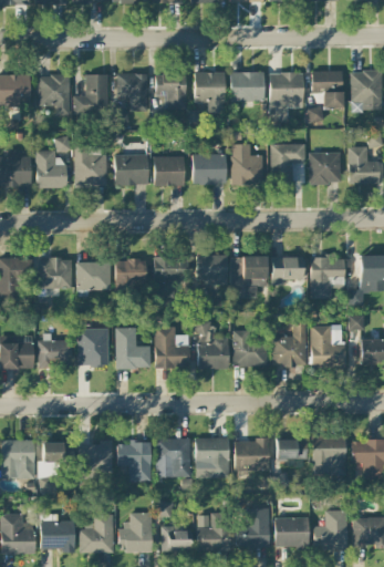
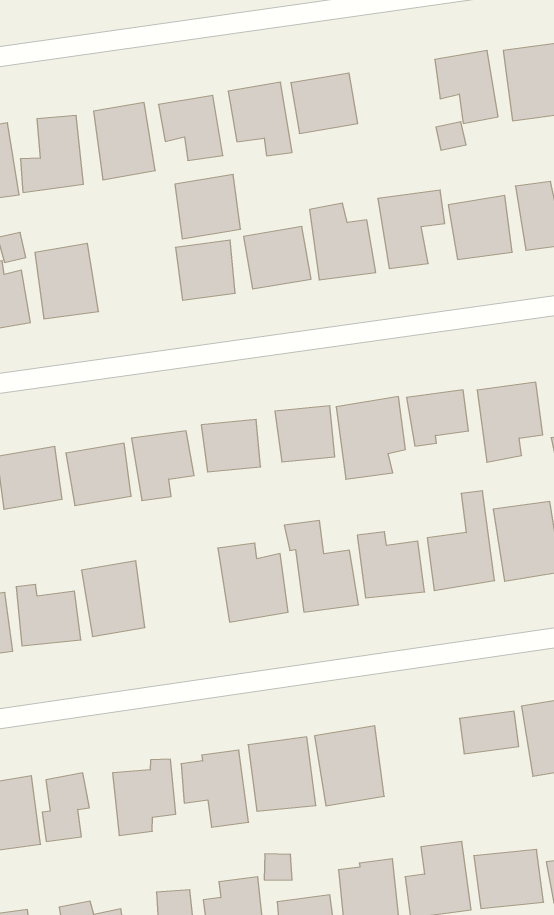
building: [270,72,303,121] -> none
building: [115,153,148,185] -> [175,174,241,239]
building: [116,327,152,368] -> none
building: [235,439,269,470] -> none

